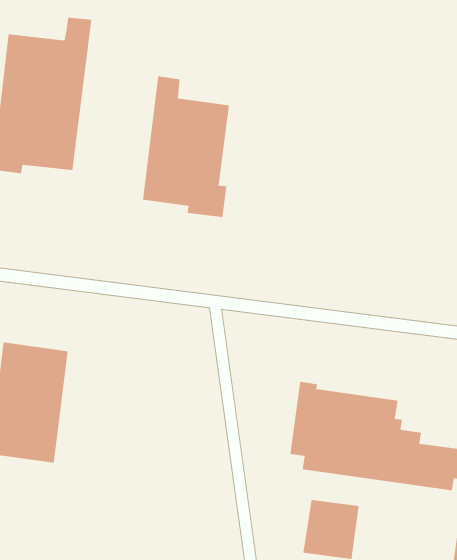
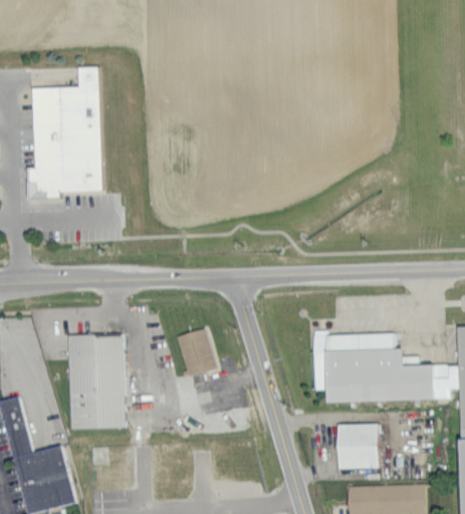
building: [142,76,230,218] -> none
building: none -> [178,328,217,376]

